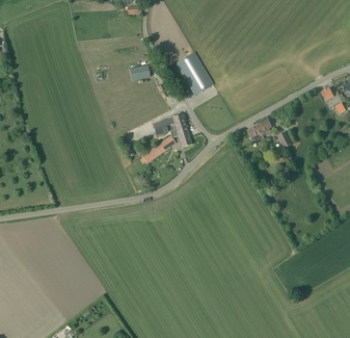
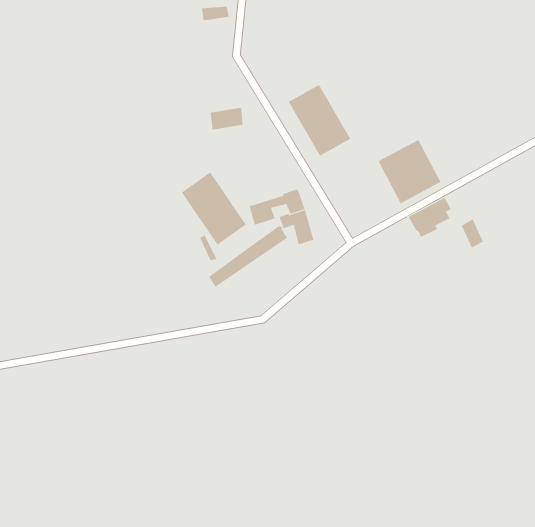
building: none -> [378,139,441,204]
building: none -> [181,172,247,246]

